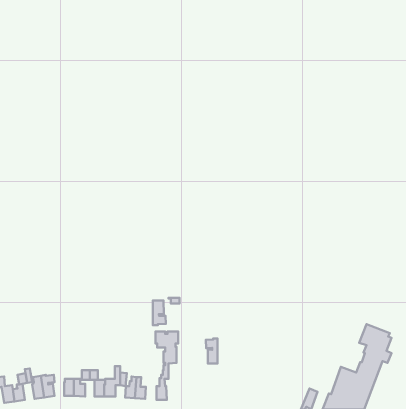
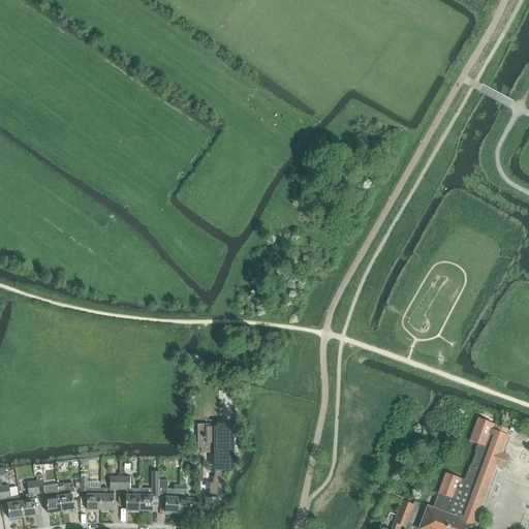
building: [153,300,166,325] -> none
building: [206,338,218,363] -> none

